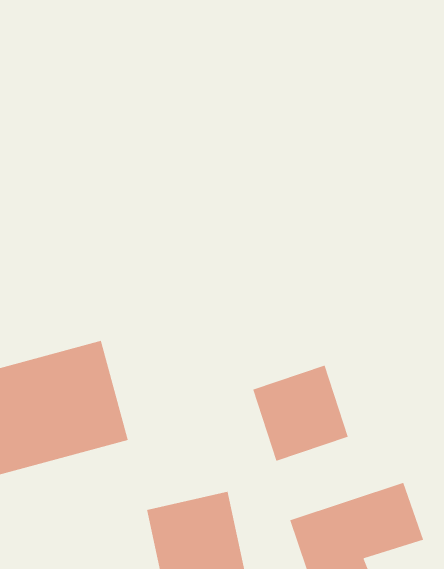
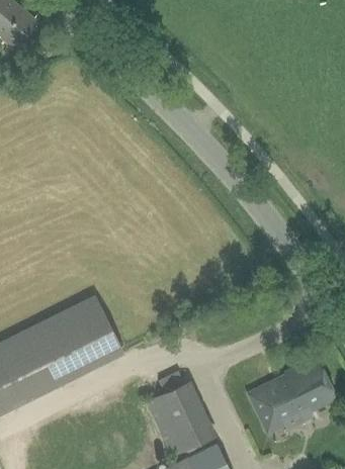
building: [252,364,349,462] -> none

